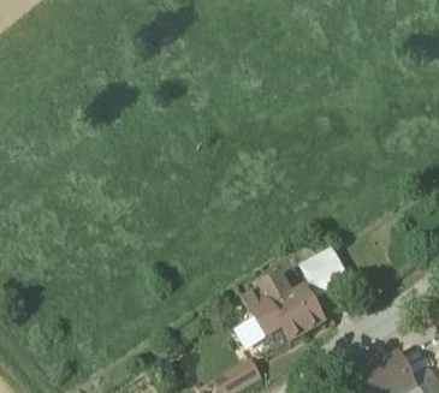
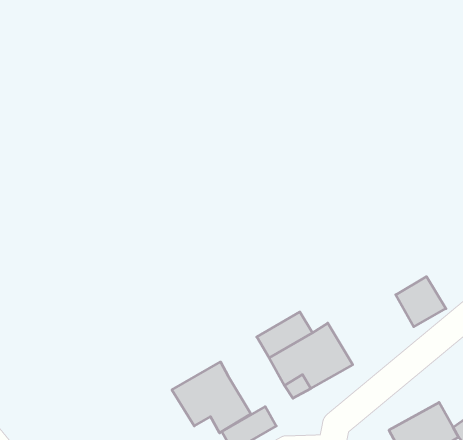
building: [305,250,349,293] -> [396,277,446,327]
building: none -> [172,362,251,433]

